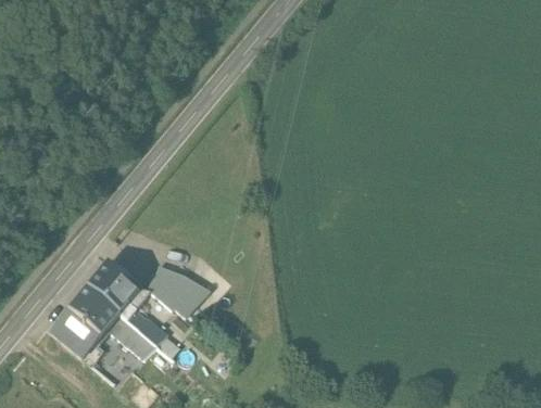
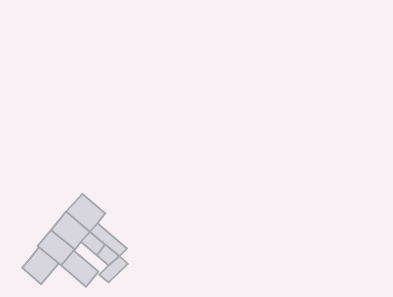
building: [143,260,207,317] -> none
building: none -> [22,247,59,284]

